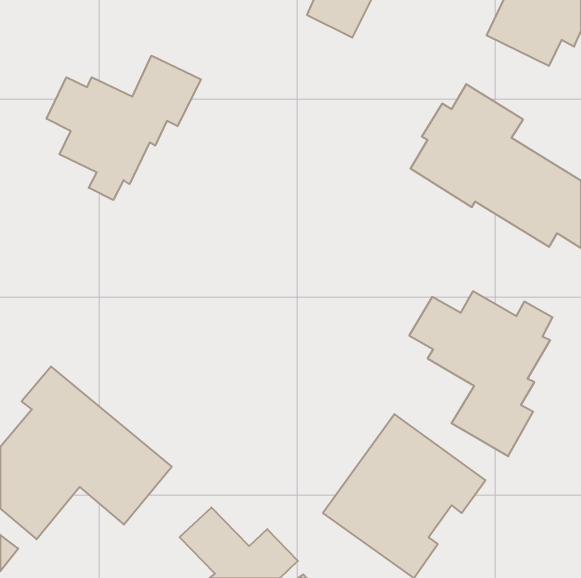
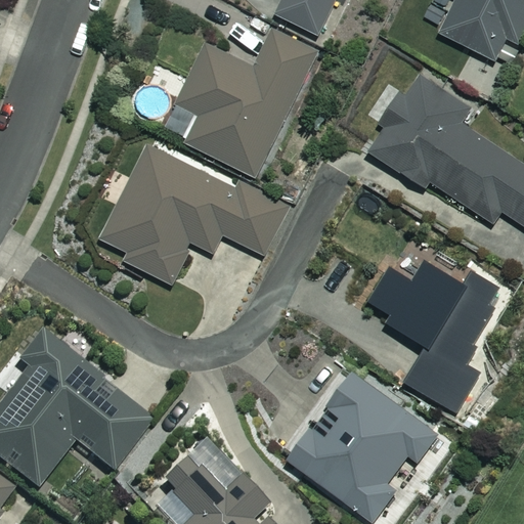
building: none -> [165,29,317,174]
building: [47,56,201,200] -> none
building: none -> [99,143,287,283]

